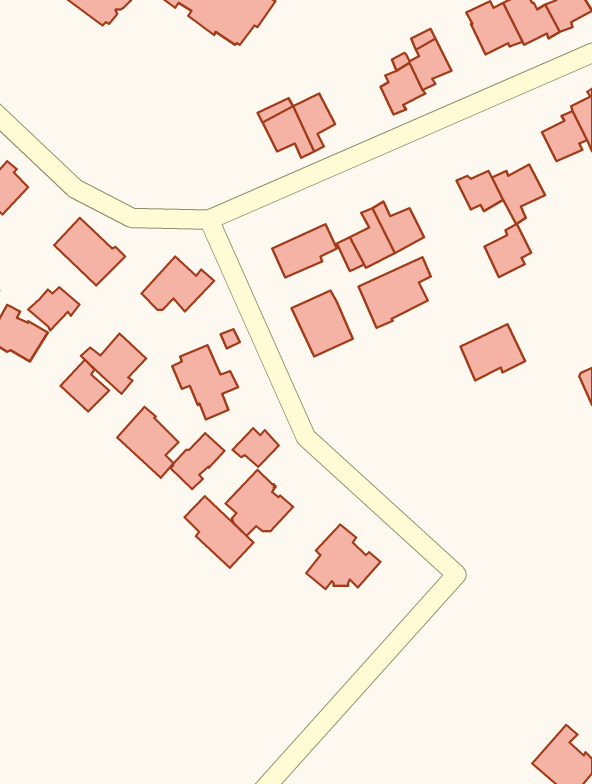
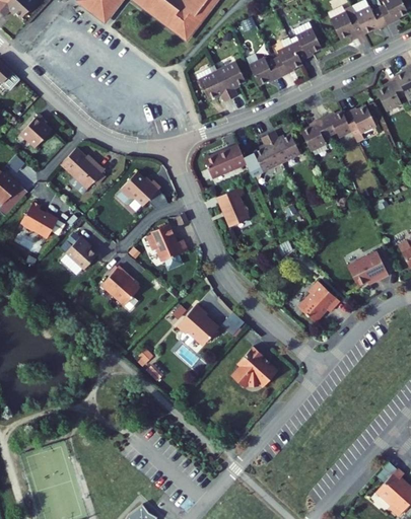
building: none -> [249,62,281,88]
building: [484,224,531,277] -> [300,122,330,155]
building: [358,257,431,328] -> none
building: [28,287,80,331] -> none
building: [461,324,525,381] -> [346,248,387,284]
building: [81,333,146,394] -> none
building: [233,428,279,467] -> none
building: none -> [295,278,334,319]
building: [170,433,225,489] -> none
building: [185,496,253,568] -> none

